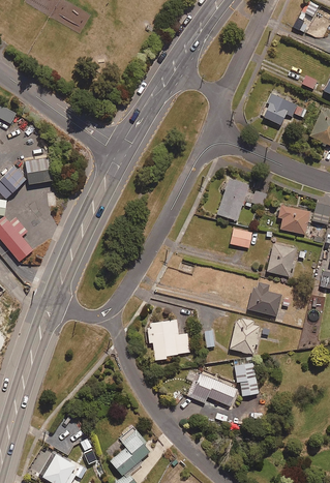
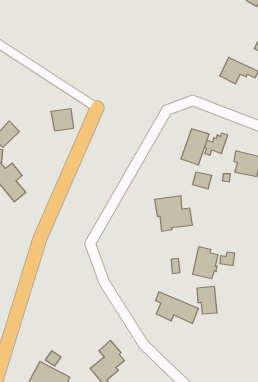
building: [26,159,53,185] -> [51,109,74,131]
building: [267,243,296,276] -> none
building: [248,282,282,316] -> none
building: [146,319,190,360] -> [155,196,193,231]

